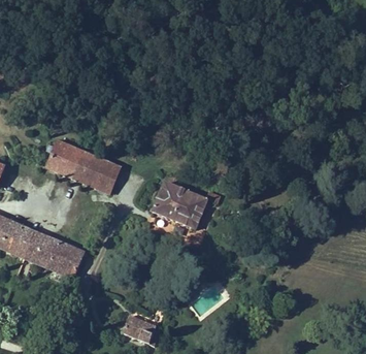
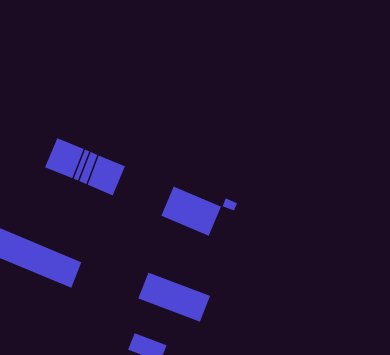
building: none -> [138,272,211,323]

